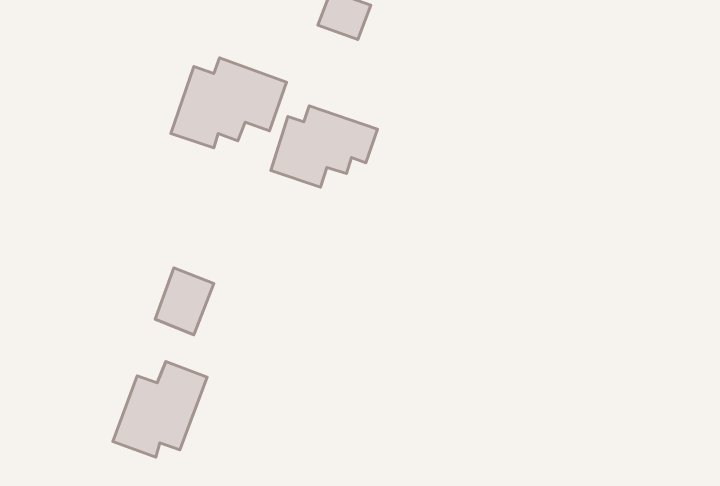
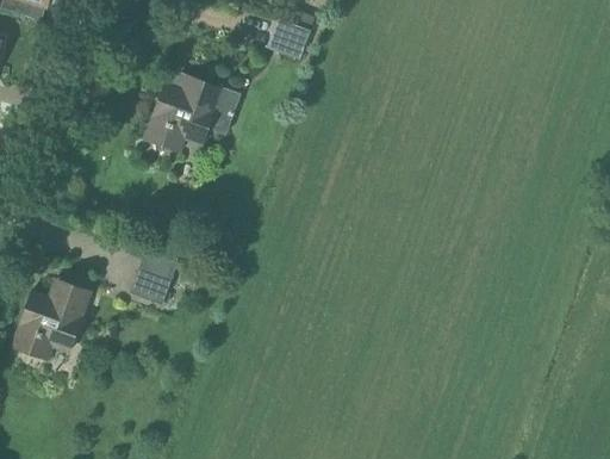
building: [271,106,377,187] -> none
building: [113,361,207,457] -> [11,277,89,356]

